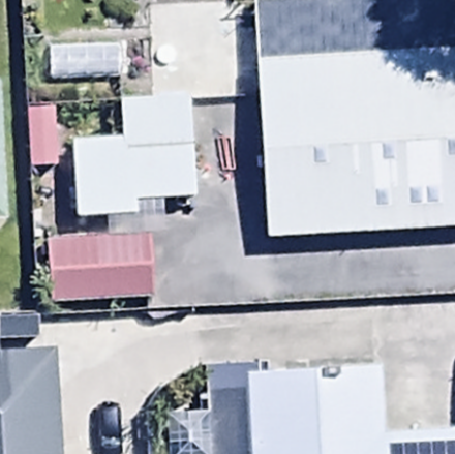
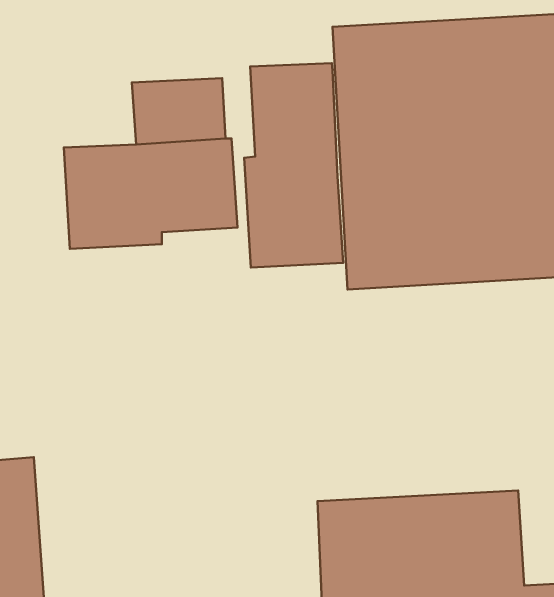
building: none -> [244,63,343,267]
building: [43,236,147,301] -> none

